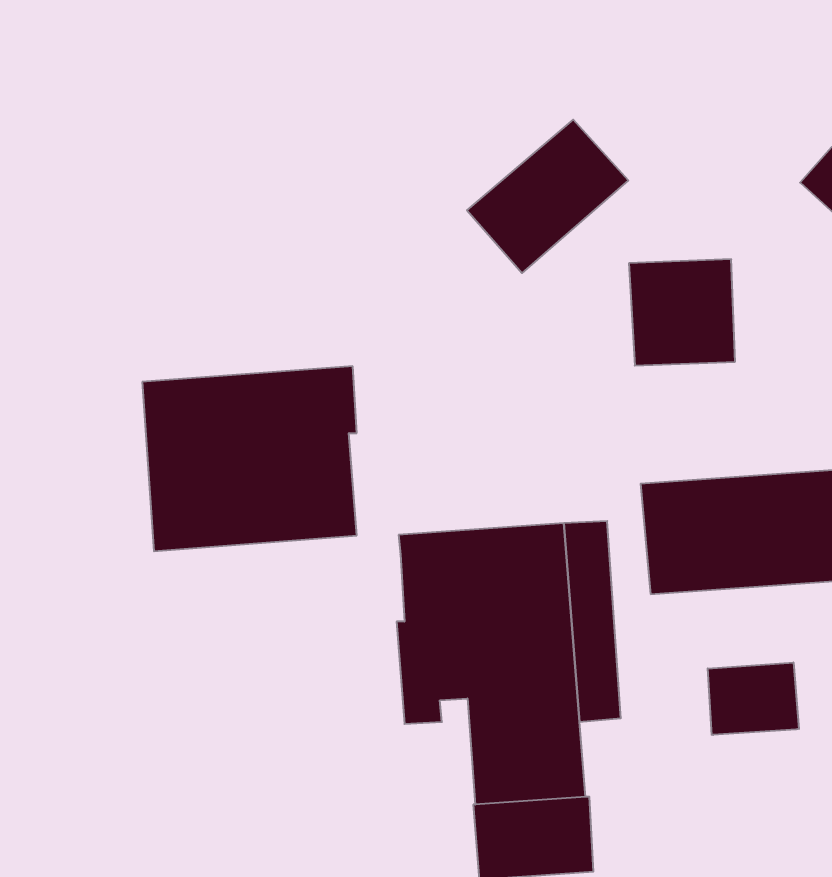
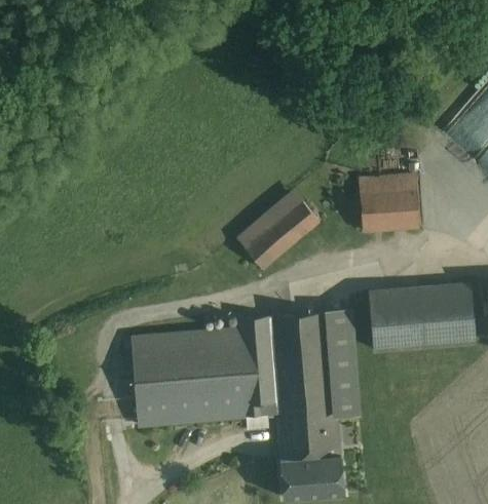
building: [467,120,628,273] -> [236,191,321,271]
building: [142,366,357,551] -> [133,328,245,425]
building: [708,662,799,735] -> none

